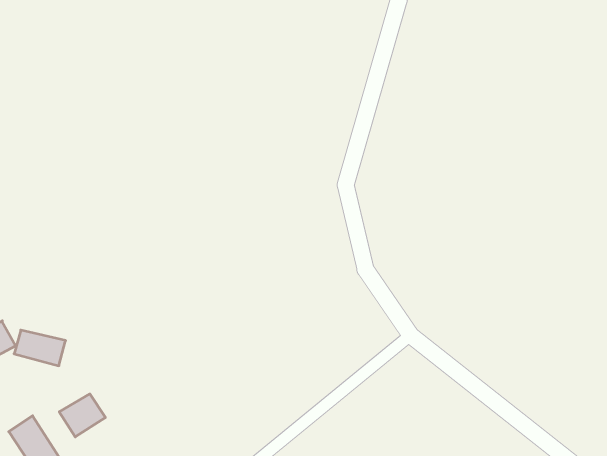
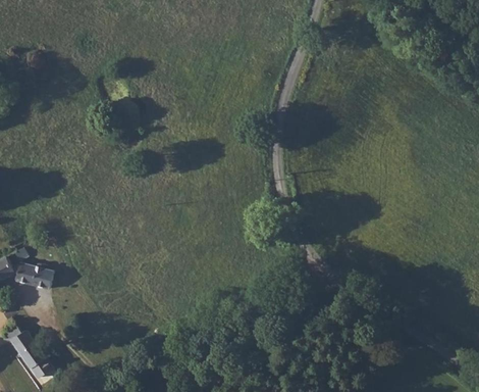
building: [59,394,105,437] -> none

